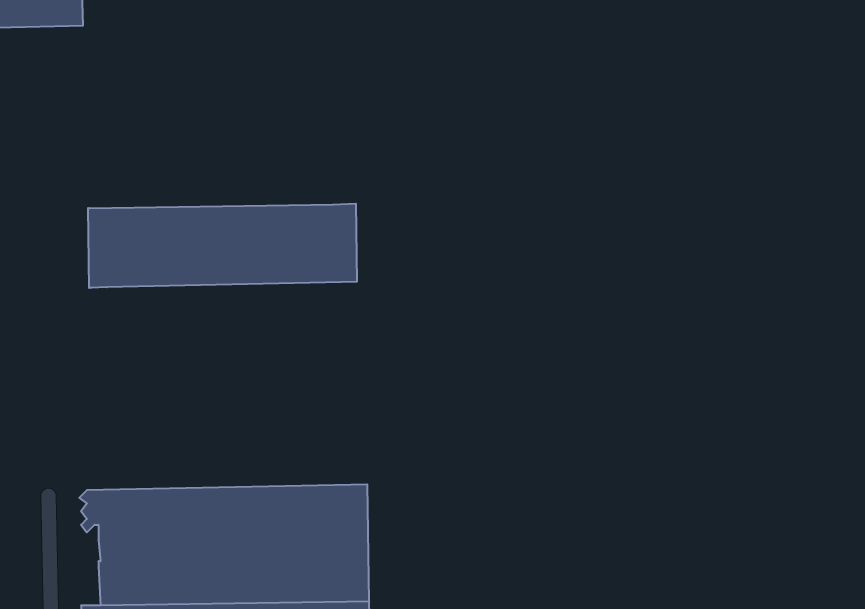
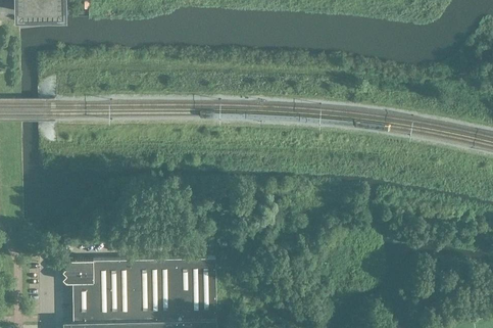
building: [88,204,357,288] -> none

